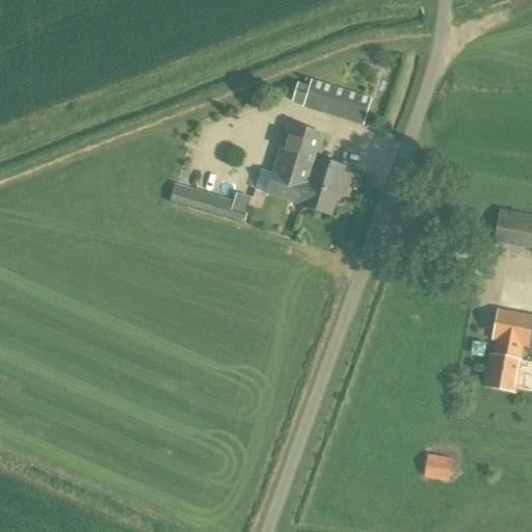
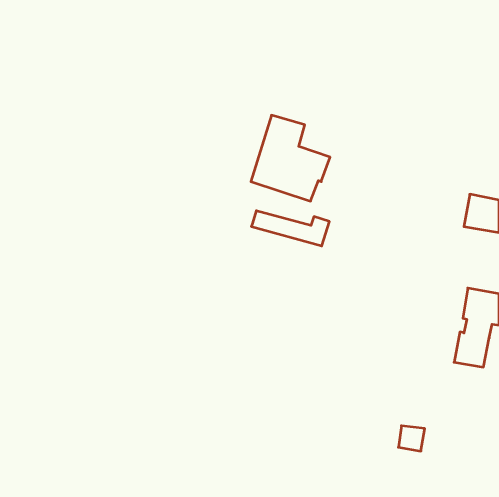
building: [295,80,373,122] -> none
building: [169,184,252,221] -> [251,211,329,246]

